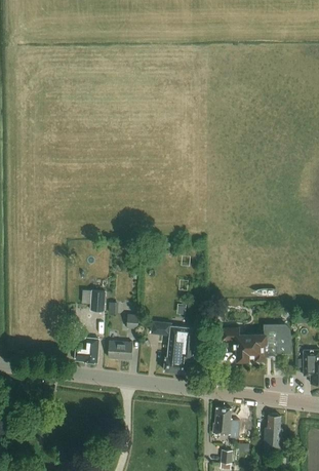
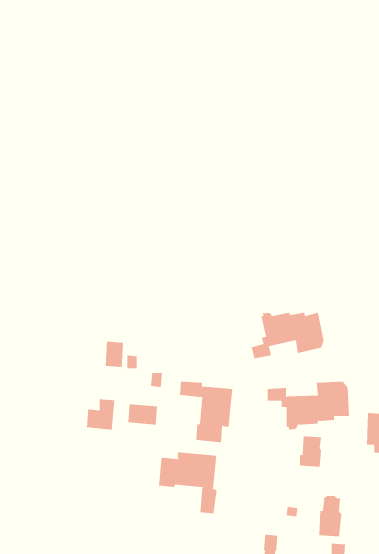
building: none -> [251,312,324,359]
building: none -> [158,452,217,514]
building: [212,409,231,435] -> [299,436,322,467]

